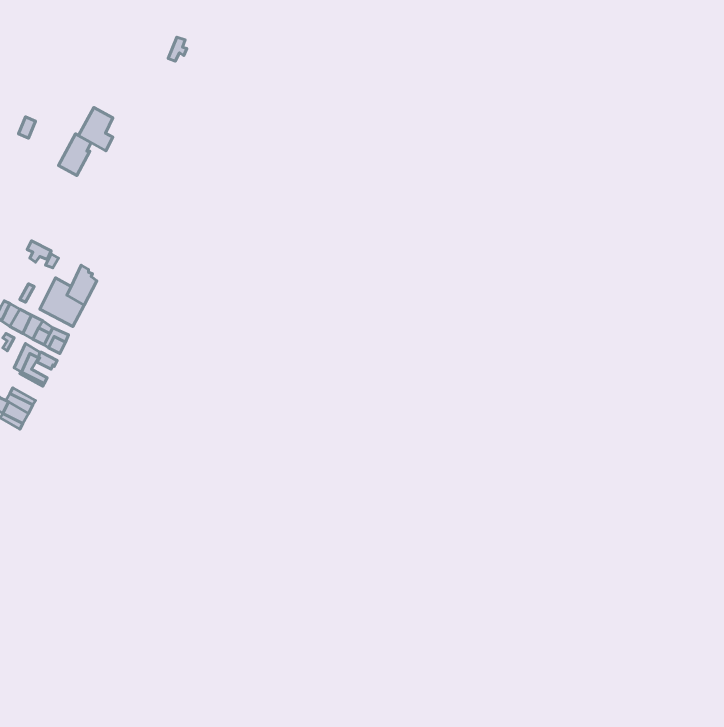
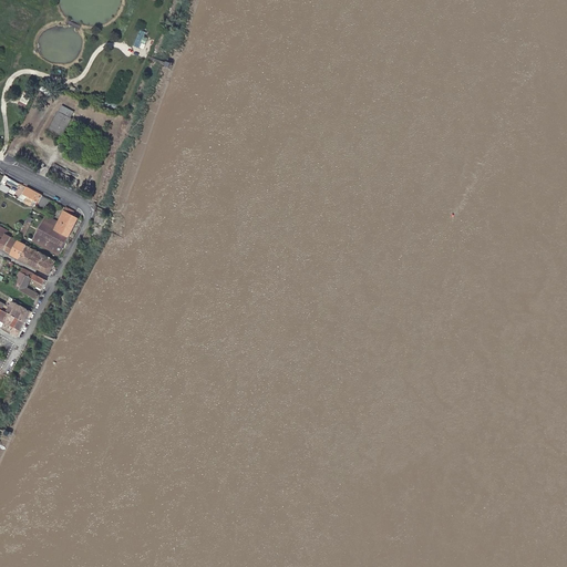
building: [79,108,113,151] -> none

